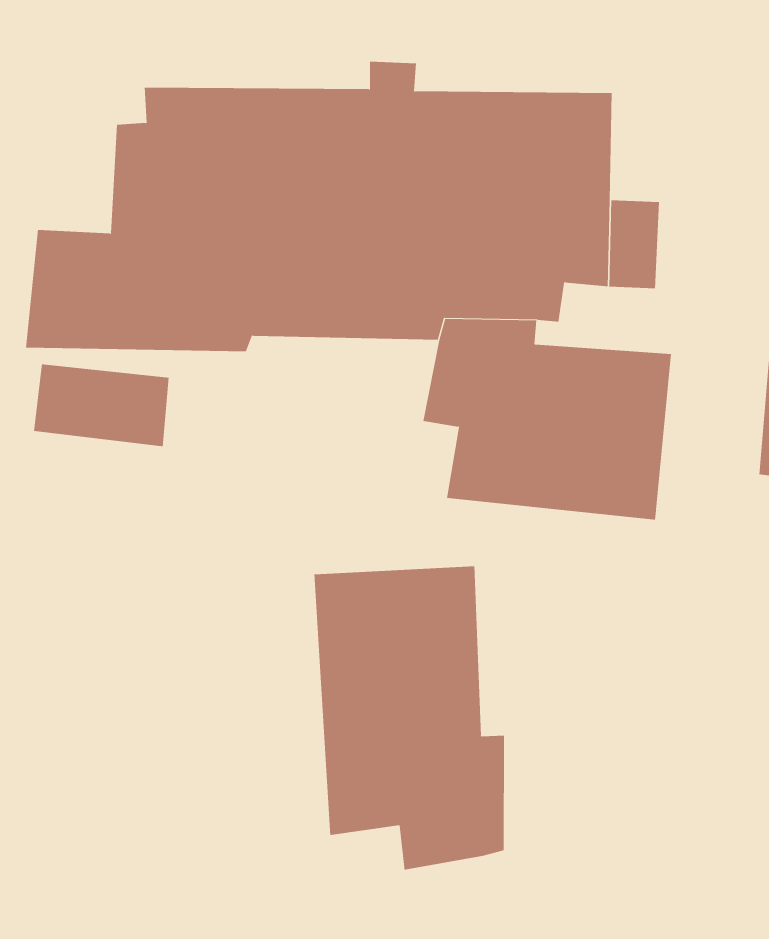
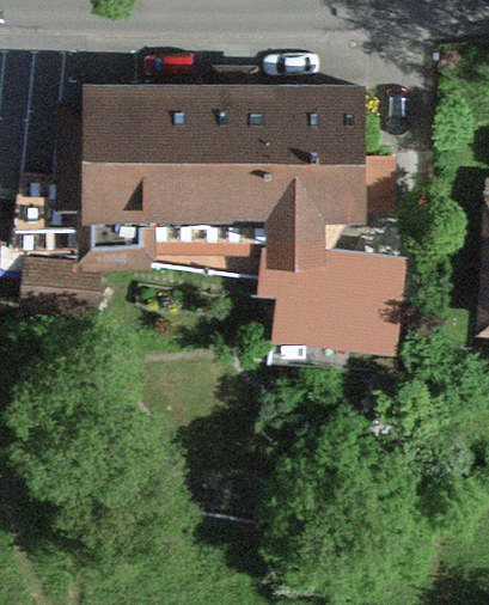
building: [314,565,504,871] -> none

